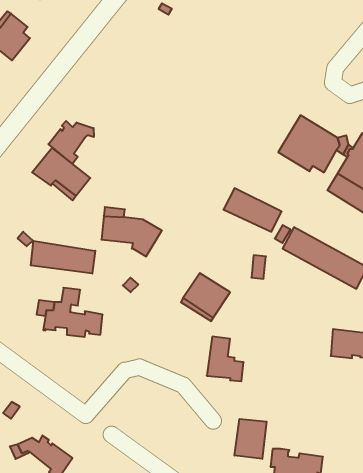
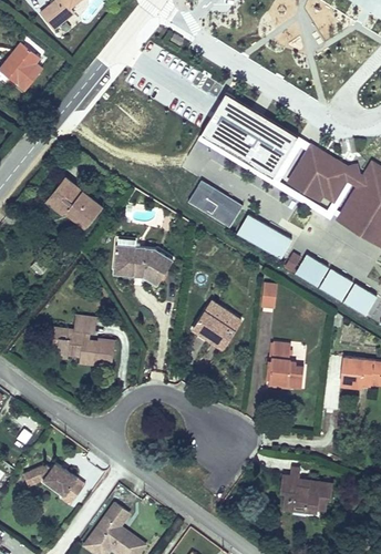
building: none -> [202,92,299,177]
building: [48,121,94,164] -> none
building: none -> [188,179,244,227]
building: [31,241,95,274] -> none
building: [207,337,244,381] -> [268,342,305,387]
building: [234,419,267,459] -> none

